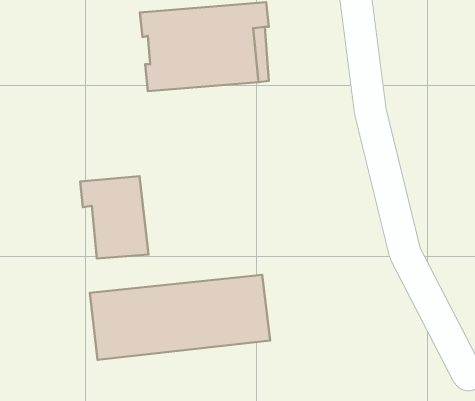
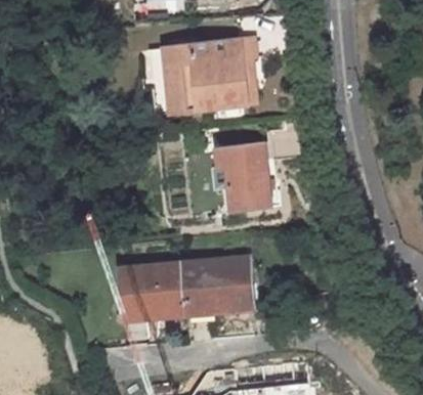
building: [80,176,148,258] -> [220,144,274,210]

